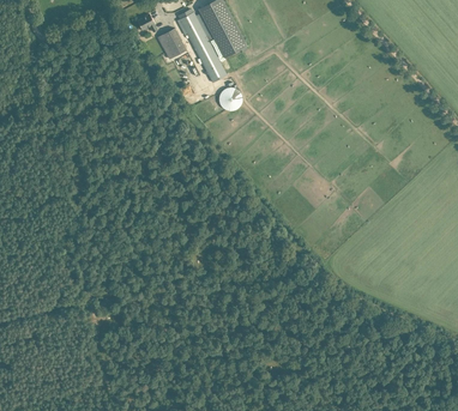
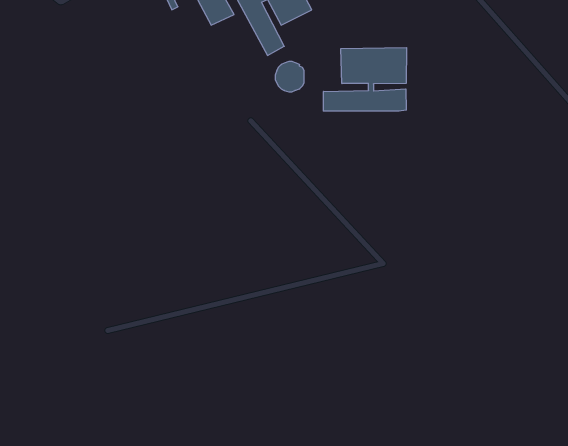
building: none -> [323,48,406,111]

